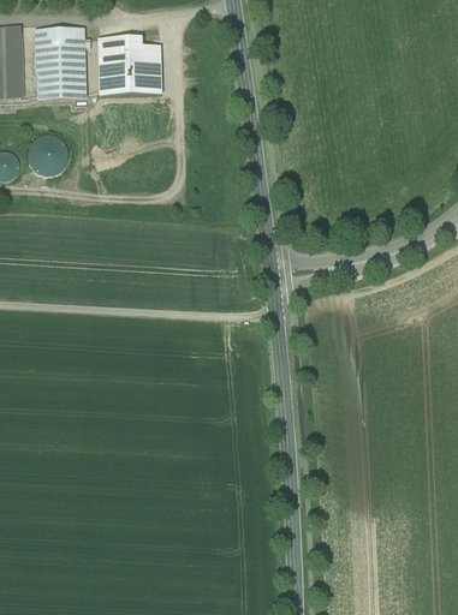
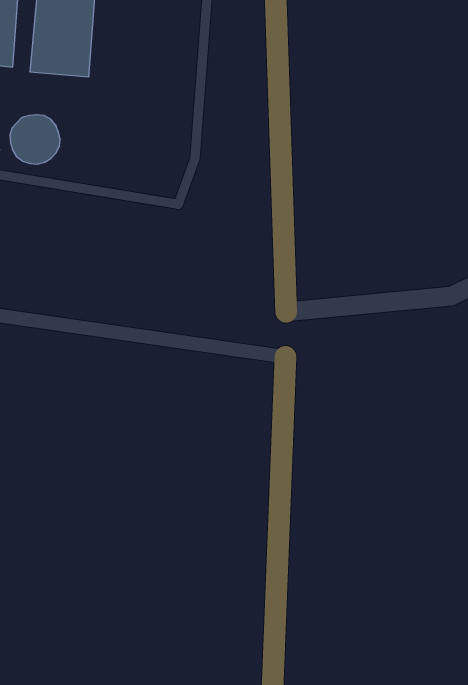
building: [99,36,161,94] -> none

